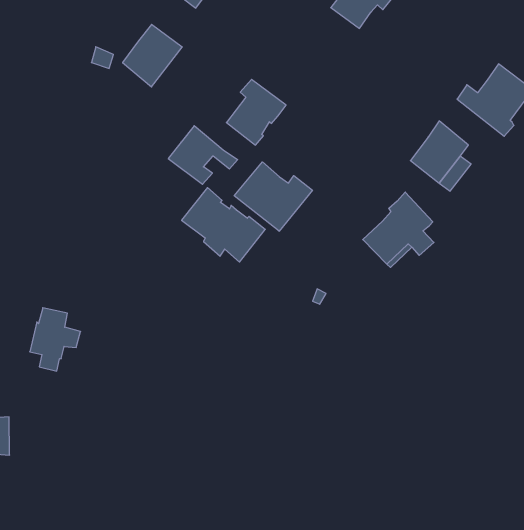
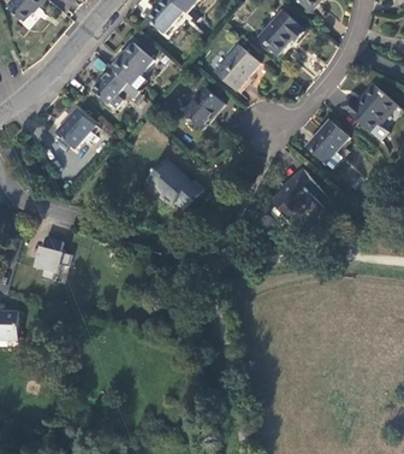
building: none -> [214,46,259,90]
building: none -> [53,110,93,149]
building: [168,126,238,184] -> [91,69,139,110]
building: [234,162,312,231] -> none

